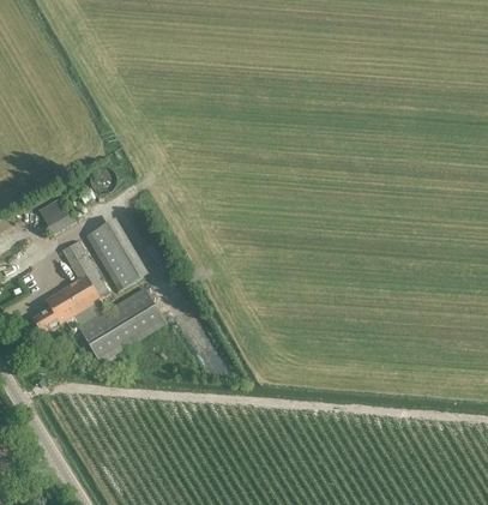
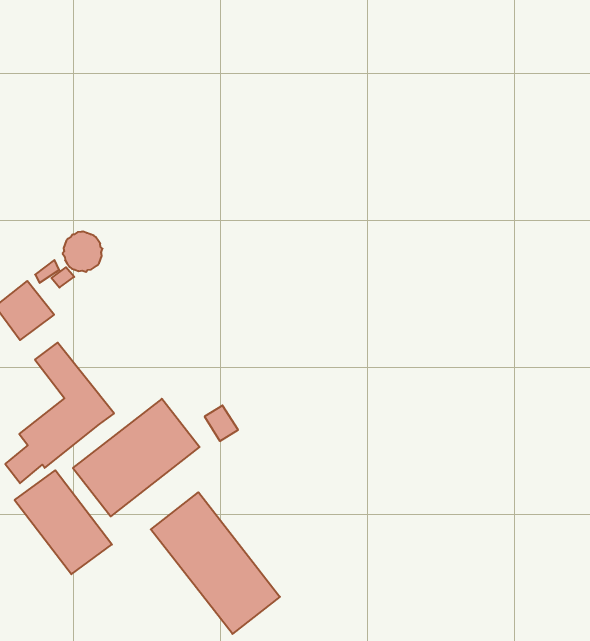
building: [84,218,146,290] -> [15,470,112,574]
building: none -> [151,492,280,634]

